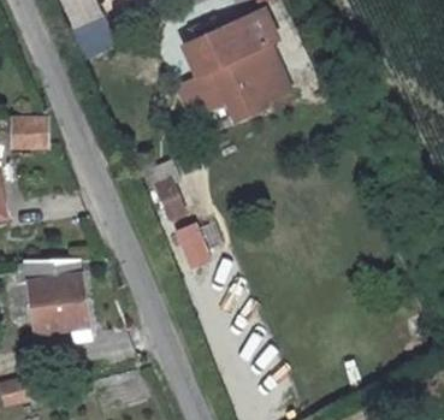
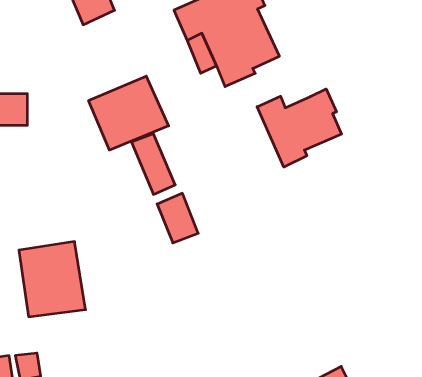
building: none -> [89,76,169,150]
building: none -> [257,89,342,167]

